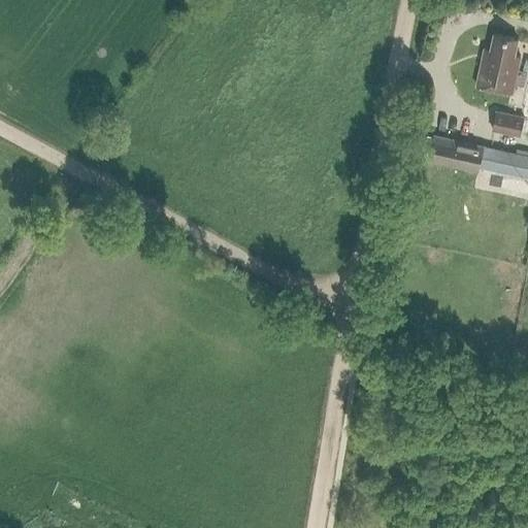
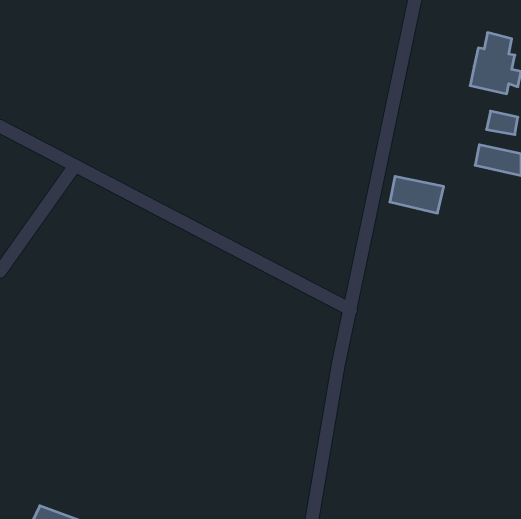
building: [429,137,484,174] -> [390,176,444,213]

